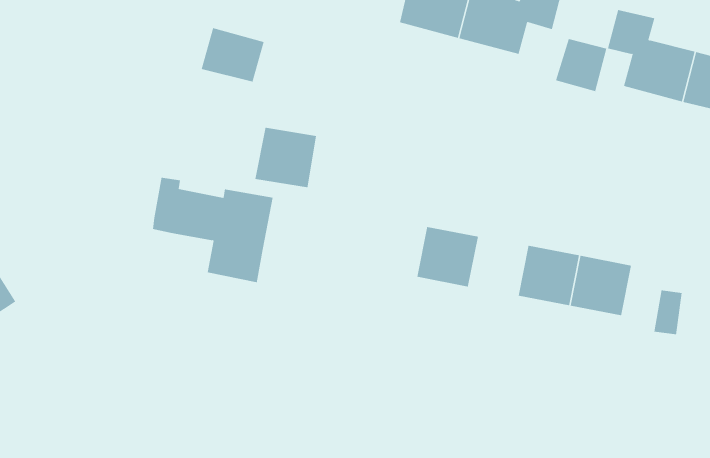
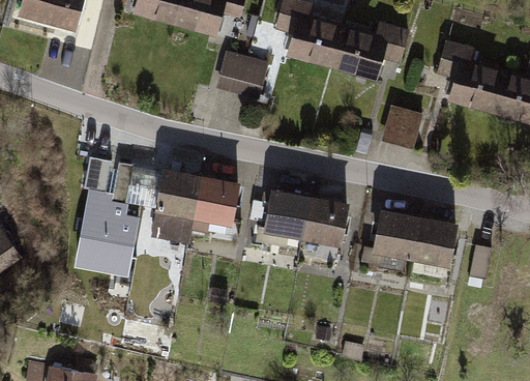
building: [201,27,265,82] -> [220,55,266,94]
building: [555,38,607,92] -> [384,110,421,148]
building: [255,127,317,188] -> [193,179,237,223]
building: none -> [77,159,139,273]
building: none -> [265,193,310,236]

